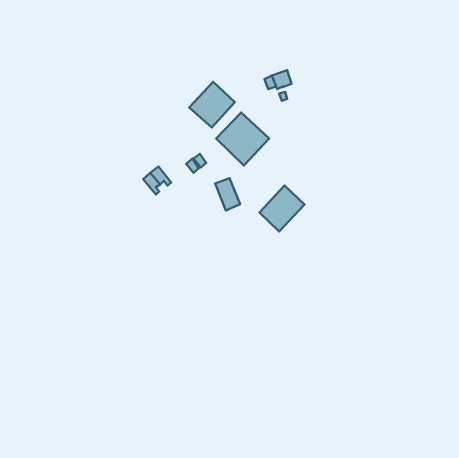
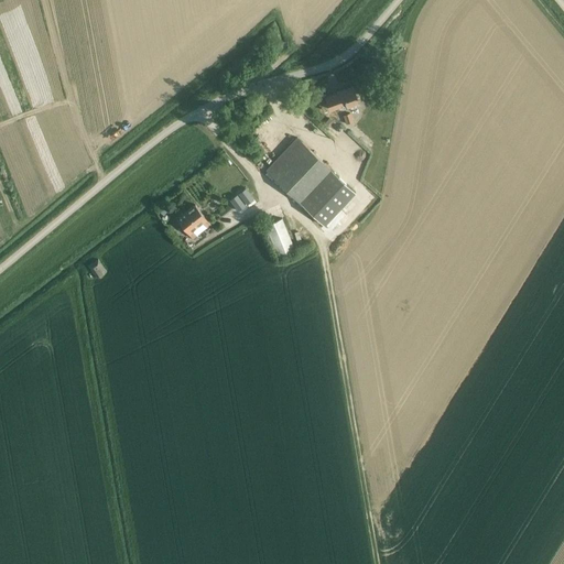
building: [189,82,235,128] -> none
building: [259,186,304,231] -> [299,172,354,228]

